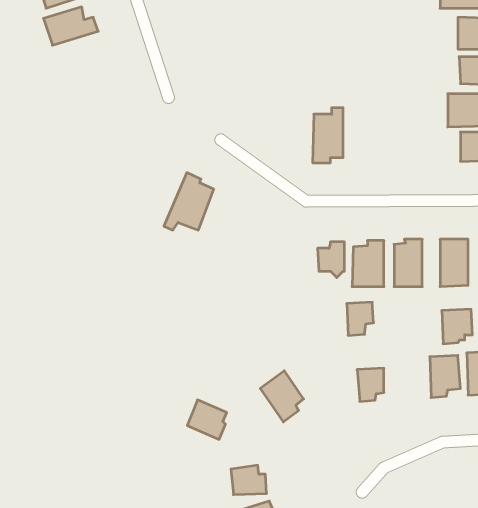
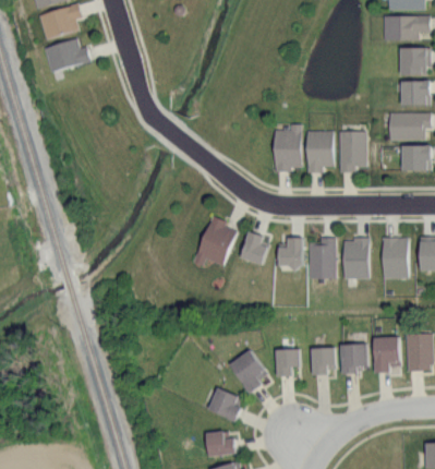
building: none -> [307,132,333,173]
building: none -> [339,132,365,173]
building: [164,173,214,230] -> [193,217,235,266]
building: none -> [241,232,267,264]
building: [347,302,374,335] -> [276,349,299,377]
building: [442,309,472,344] -> [341,345,367,374]
building: [187,400,227,439] -> [207,387,241,421]

